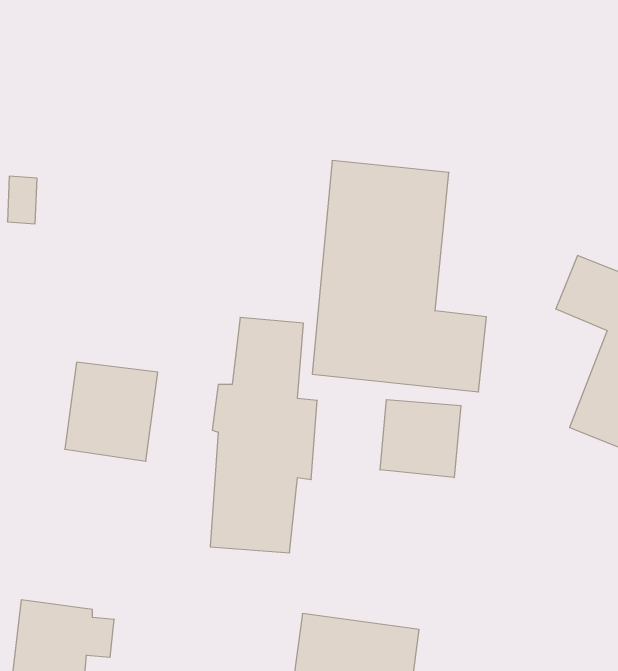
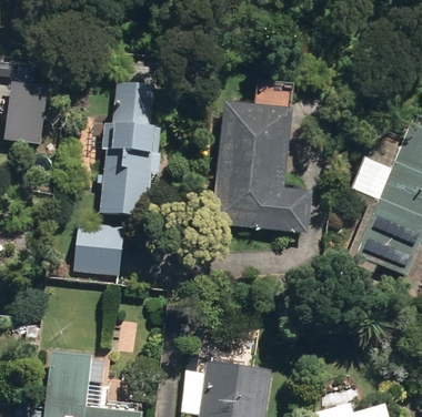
building: [210,317,317,553] -> [100,82,160,214]
building: [380,400,461,478] -> none

